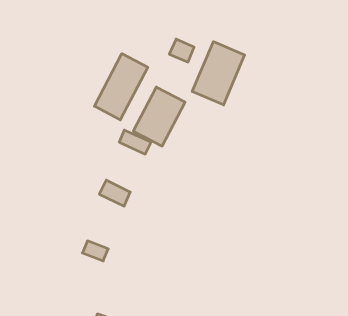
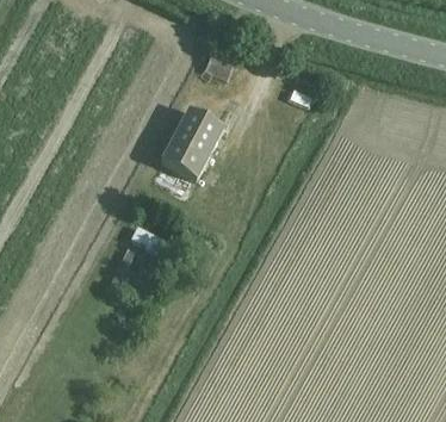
building: [192,42,245,105] -> none
building: [94,54,148,120] -> none

